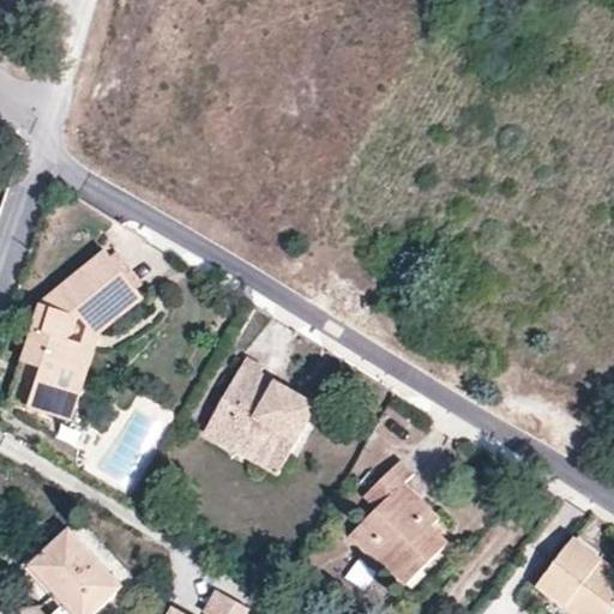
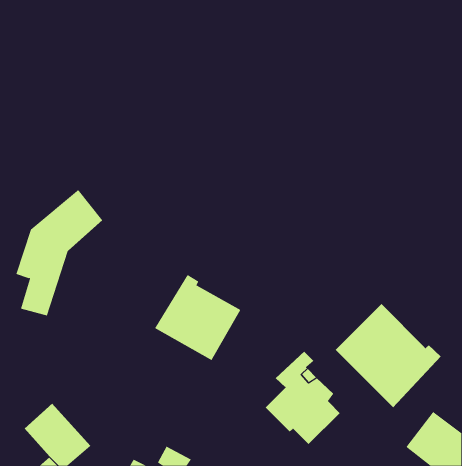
building: [62,289,143,419] -> none
building: none -> [335,303,442,408]

